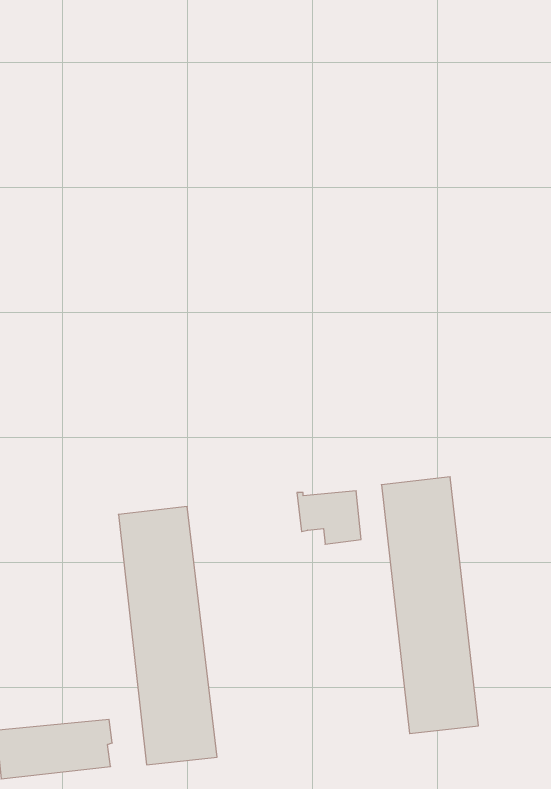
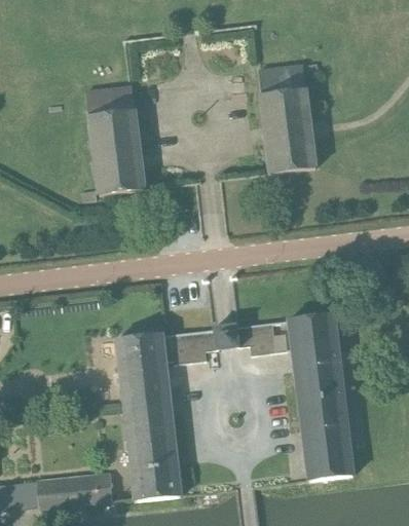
building: none -> [258,63,317,175]
building: none -> [86,76,146,196]
building: none -> [171,329,216,356]

